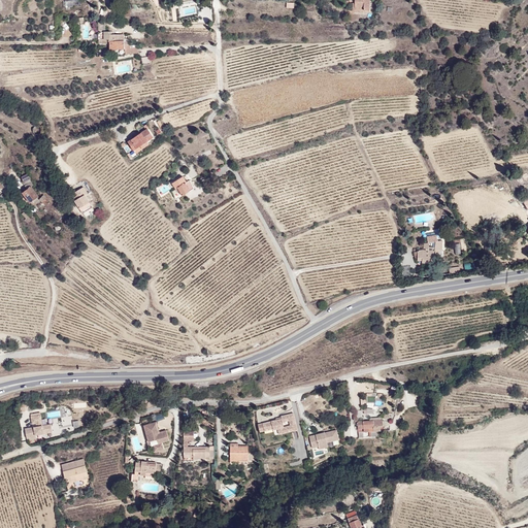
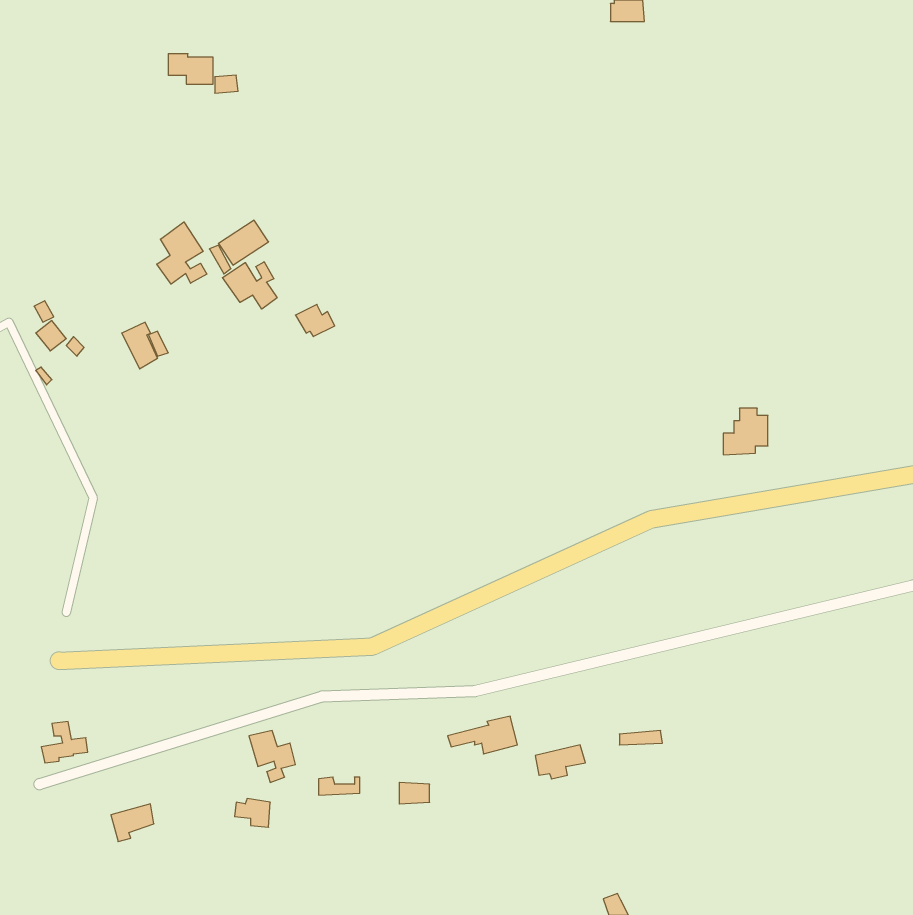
building: none -> [157,222,207,284]
building: none -> [222,262,277,309]

